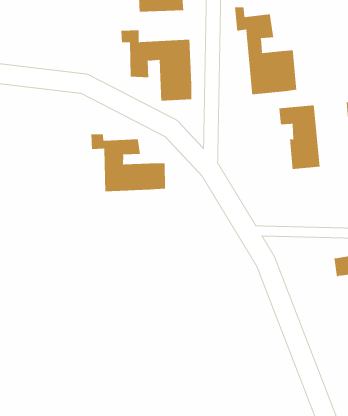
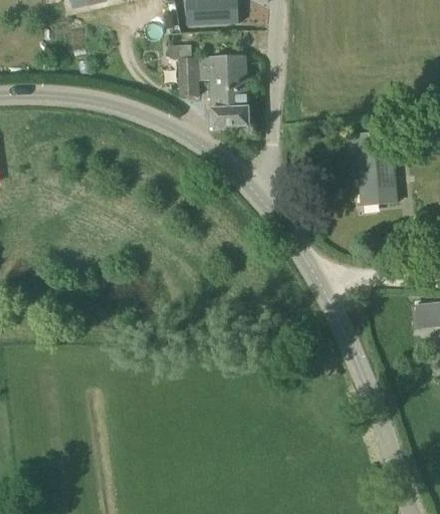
building: [234,6,297,95] -> none
building: [91,134,166,192] -> none

